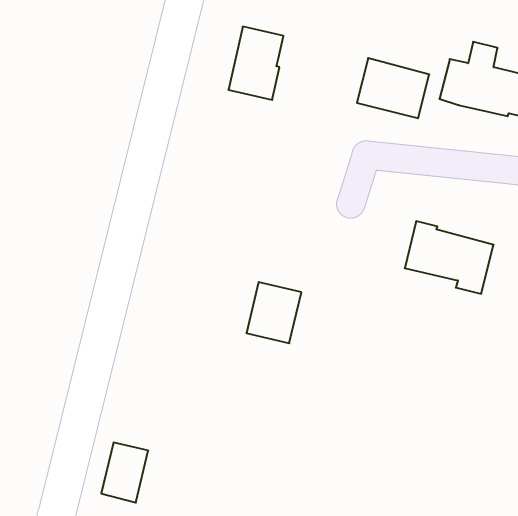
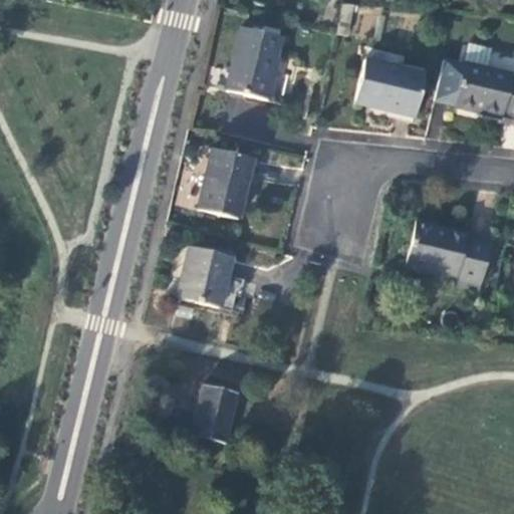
building: none -> [201,149,254,218]
building: [246,282,301,343] -> [179,246,233,306]
building: [101,442,148,503] -> [193,383,239,443]

